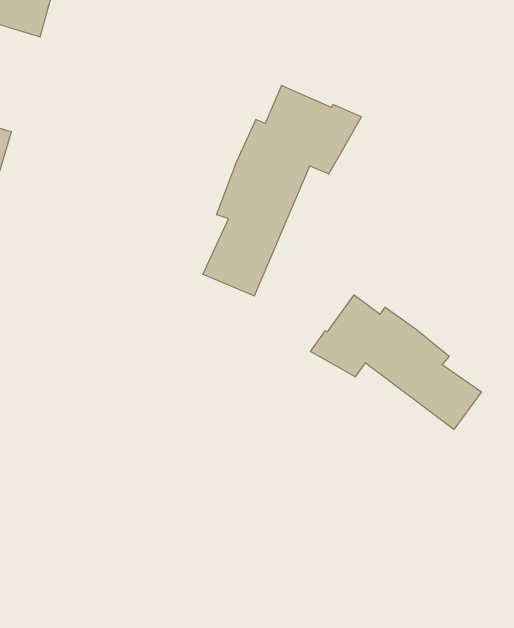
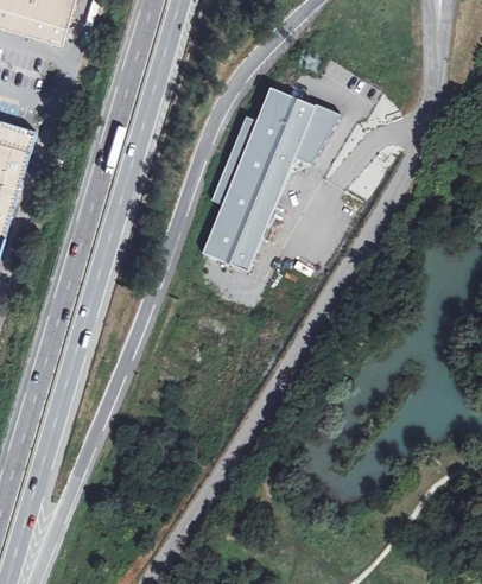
building: [311,295,481,429] -> none

